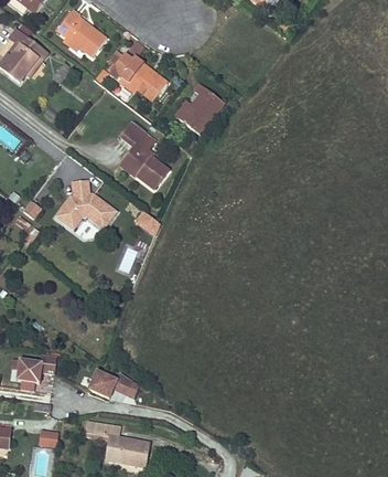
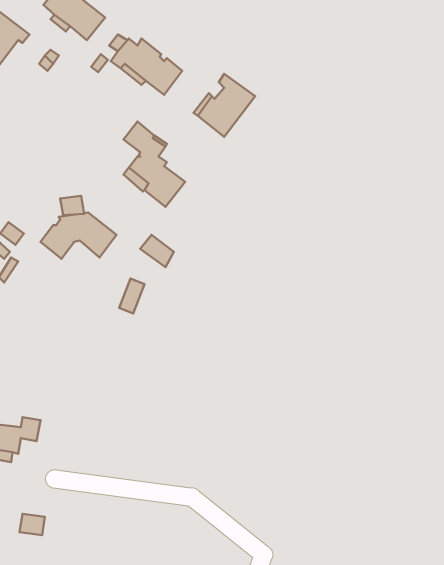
building: [87,371,130,398] -> none
building: [84,421,148,465] -> none

